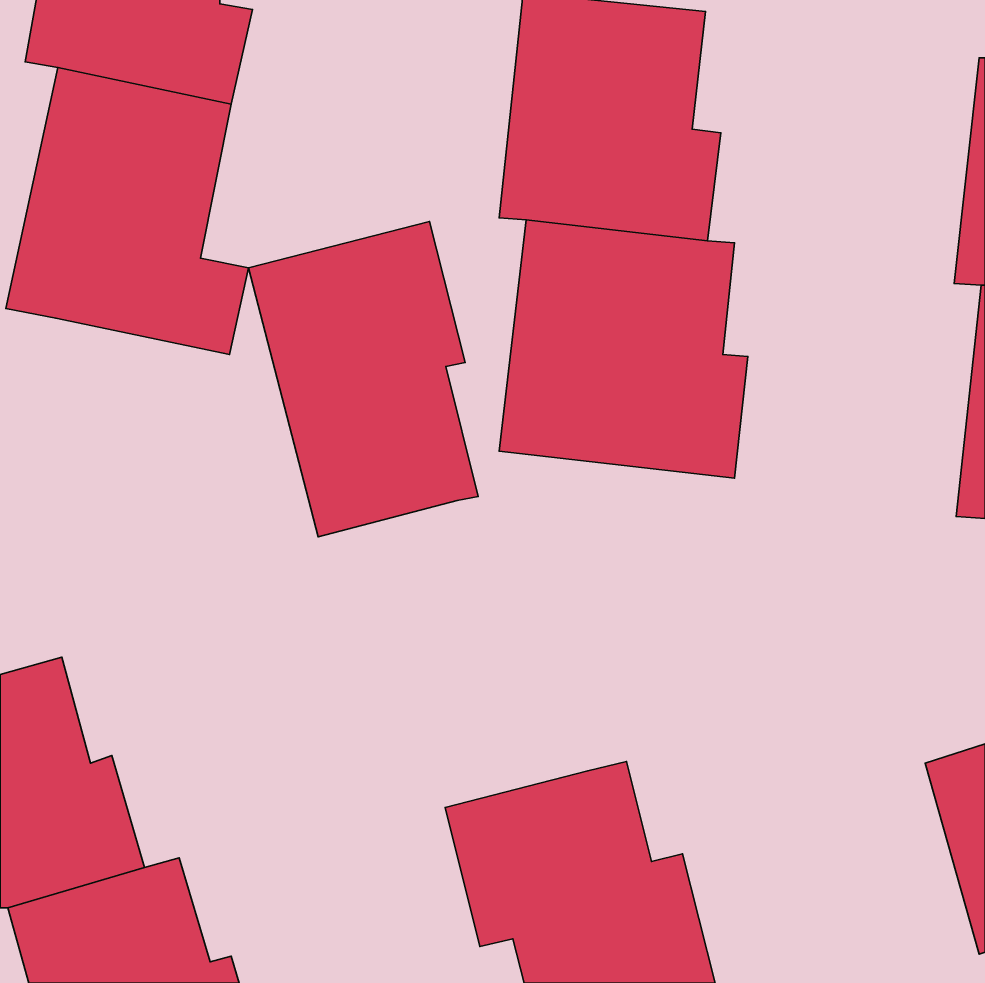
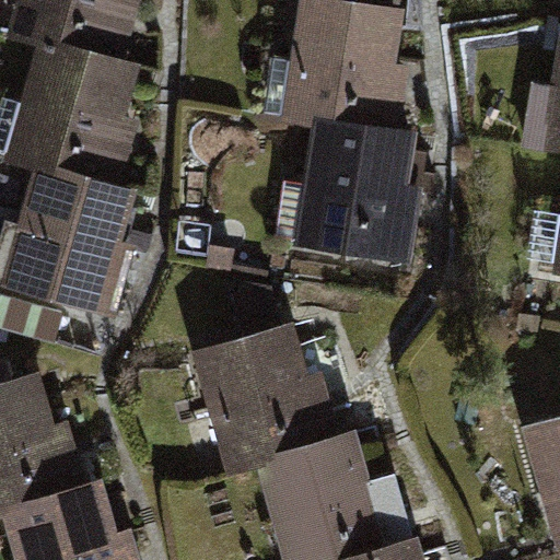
building: [249,222,478,537] -> none
building: none -> [5,180,133,326]
building: none -> [188,283,334,462]

